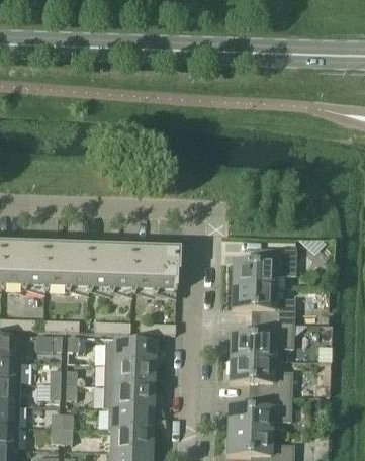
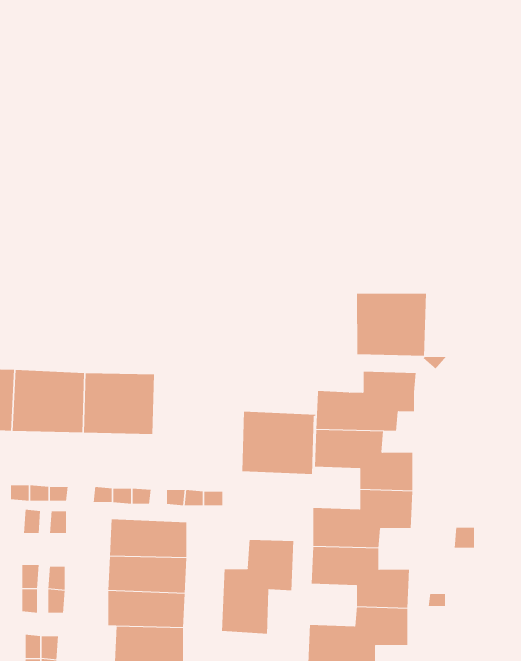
building: none -> [357,293,426,356]
building: [132,249,179,288] -> [241,411,316,475]
building: none -> [221,539,294,634]

